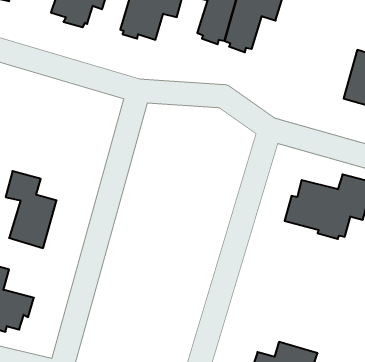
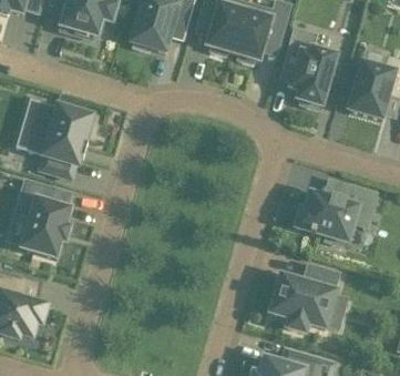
building: none -> [281,26,336,110]
building: none -> [29,102,92,175]
building: none -> [267,264,339,332]

